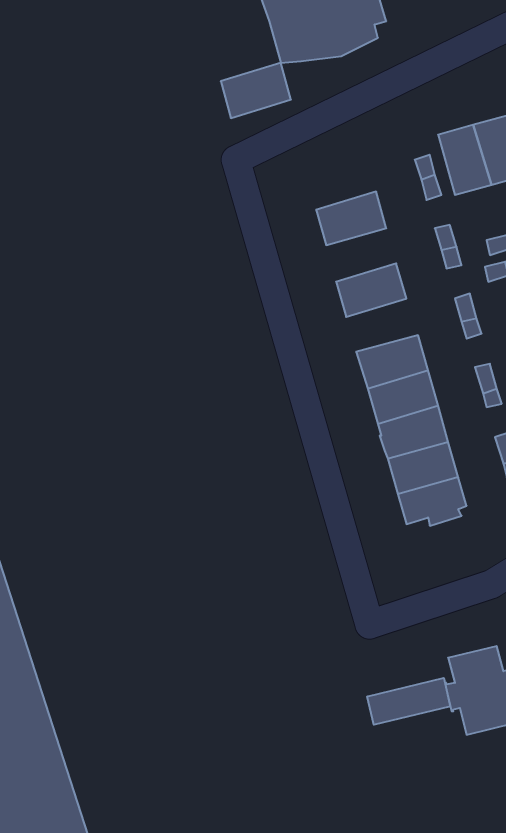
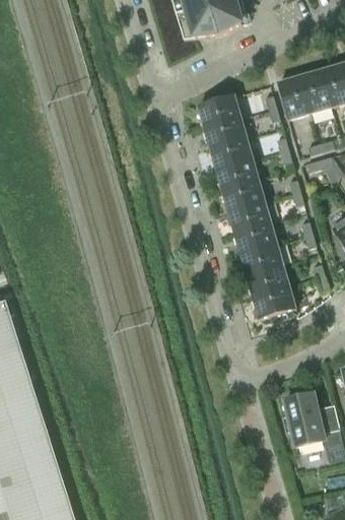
building: [221,63,291,118] -> [198,94,240,128]
building: none -> [210,139,253,172]
building: none -> [222,182,266,214]
building: [367,678,450,725] -> none

